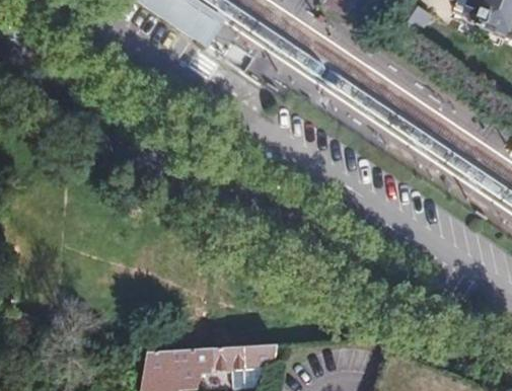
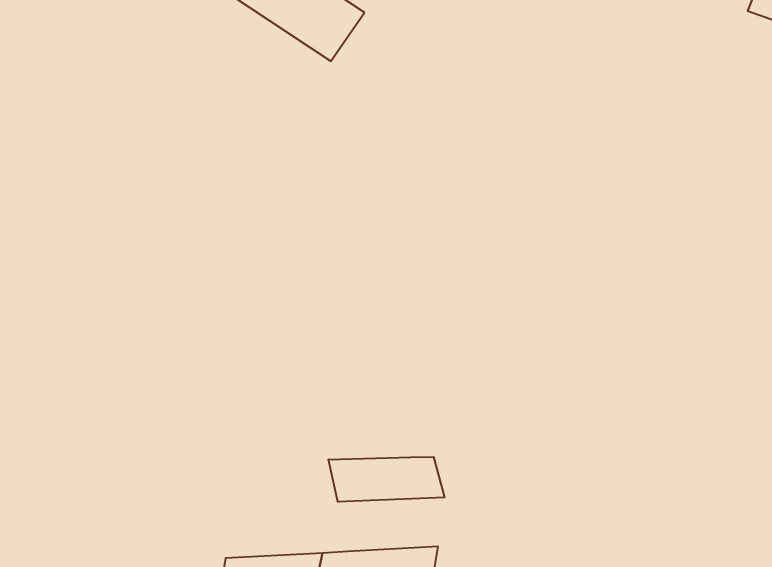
building: none -> [328,457,444,502]

